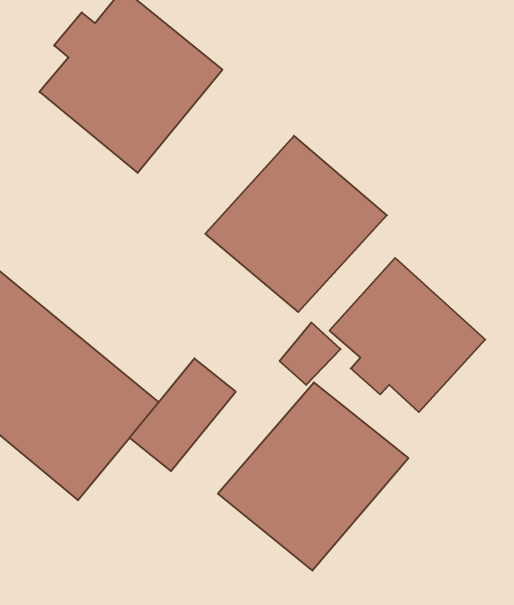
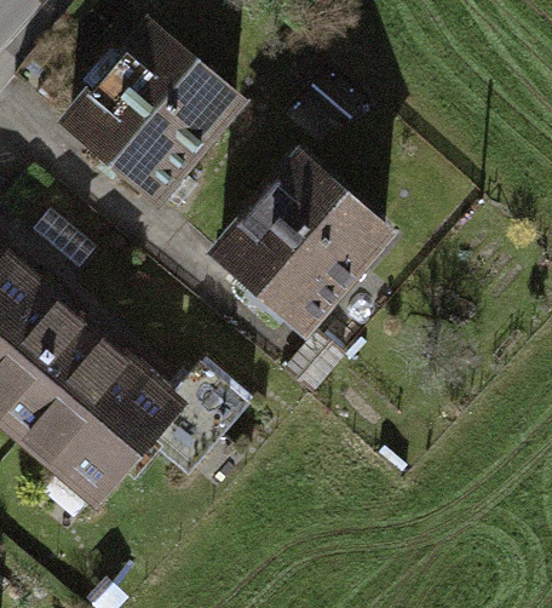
building: [330,258,485,412] -> none
building: [218,382,408,571] -> none

